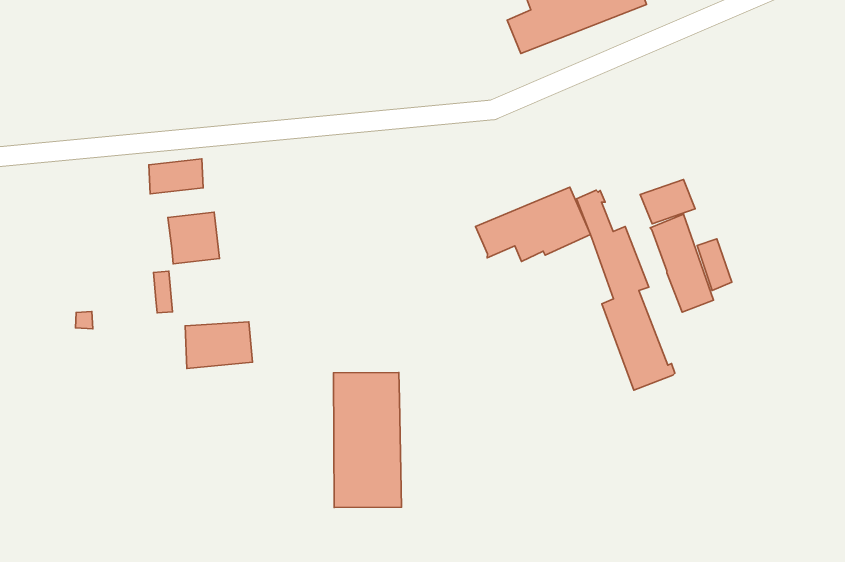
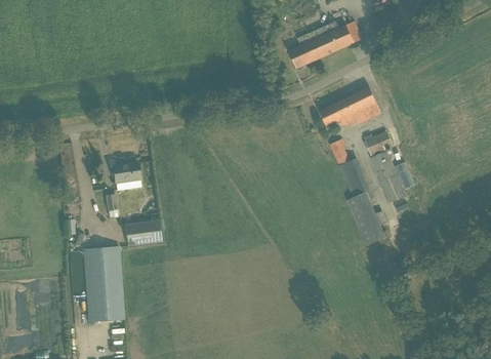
building: [149,159,203,194] -> none
building: [475,187,590,262] -> [319,86,380,127]
building: [334,372,401,507] -> [83,246,123,320]

